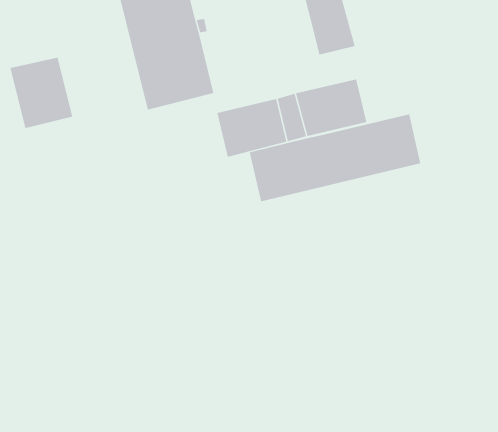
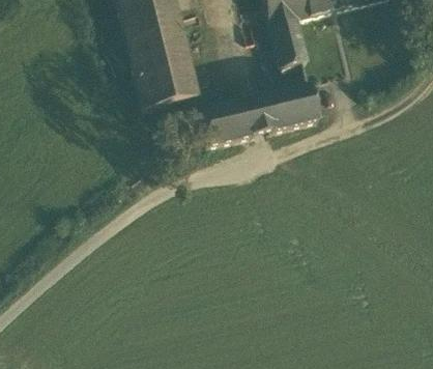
building: [10,57,73,129] -> none
building: [249,113,421,202] -> none

